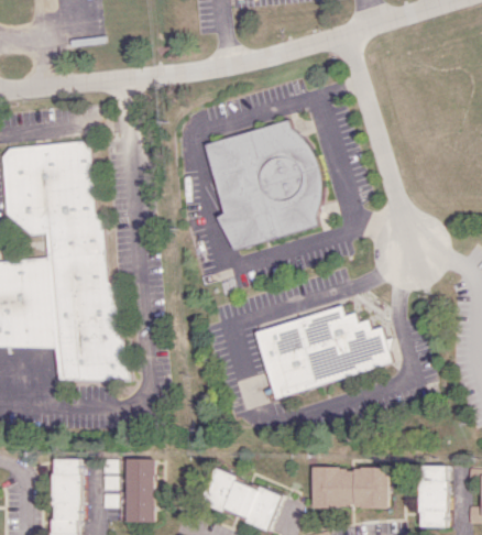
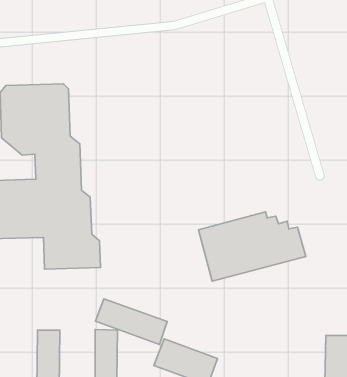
building: [204,119,325,249] -> none
building: none -> [95,299,167,344]
building: [310,468,387,509] -> none

